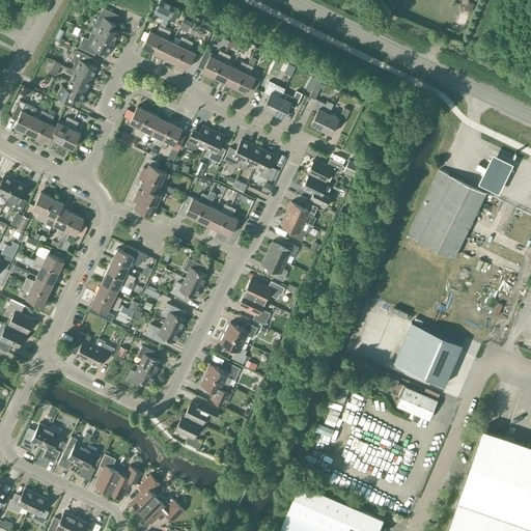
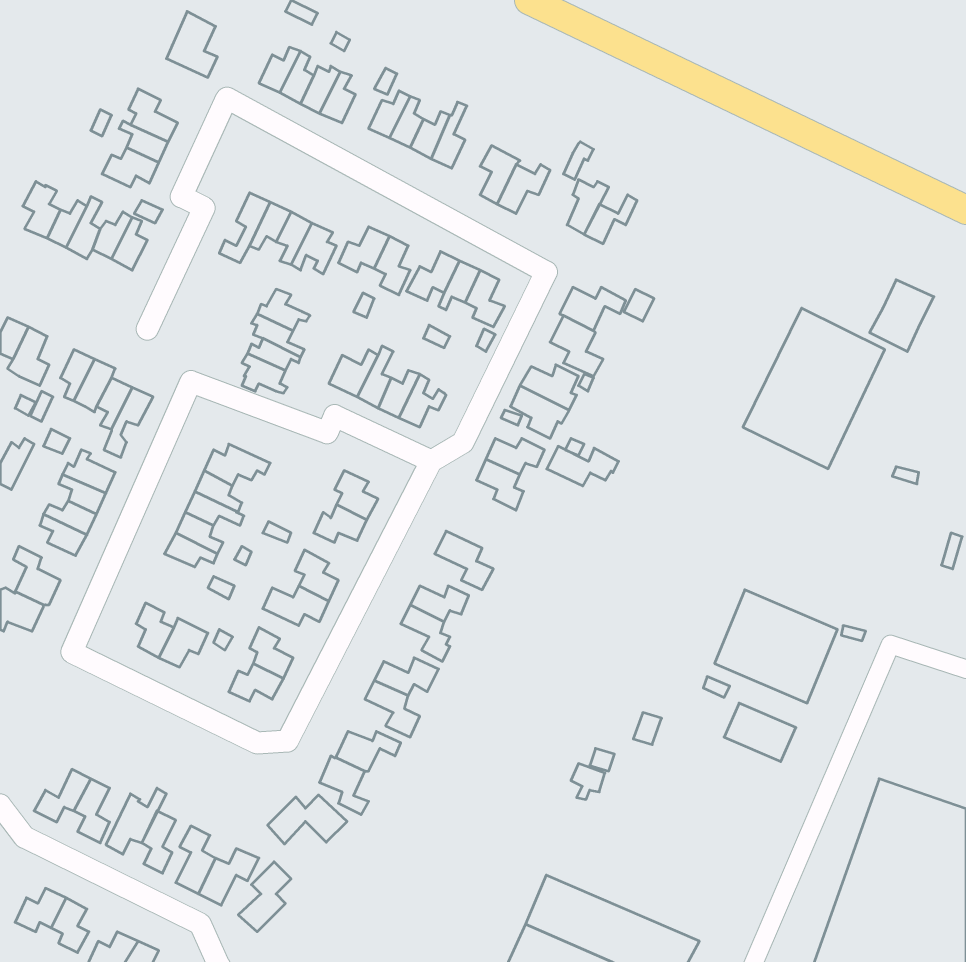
building: [78,34,114,57] -> none
building: [245,281,284,303] -> [547,446,619,486]
building: [141,497,185,524] -> [268,795,347,844]

